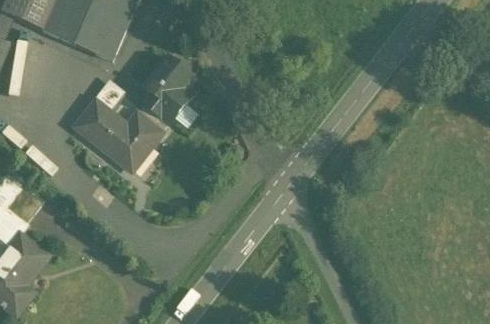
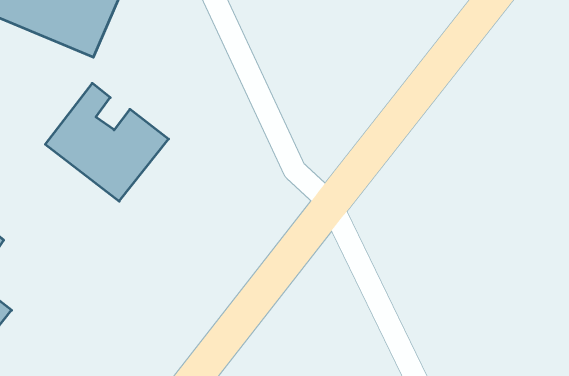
building: [139,53,196,125] -> none

